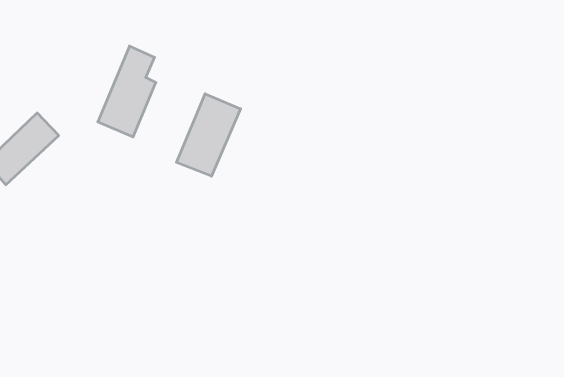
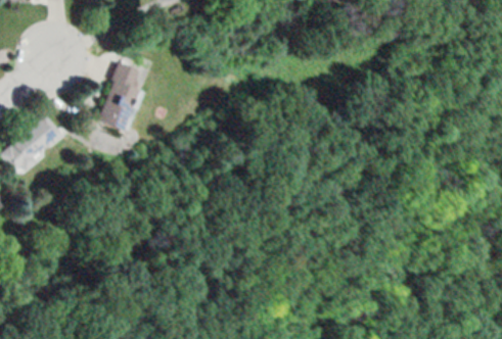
building: [176,94,241,176] -> none

